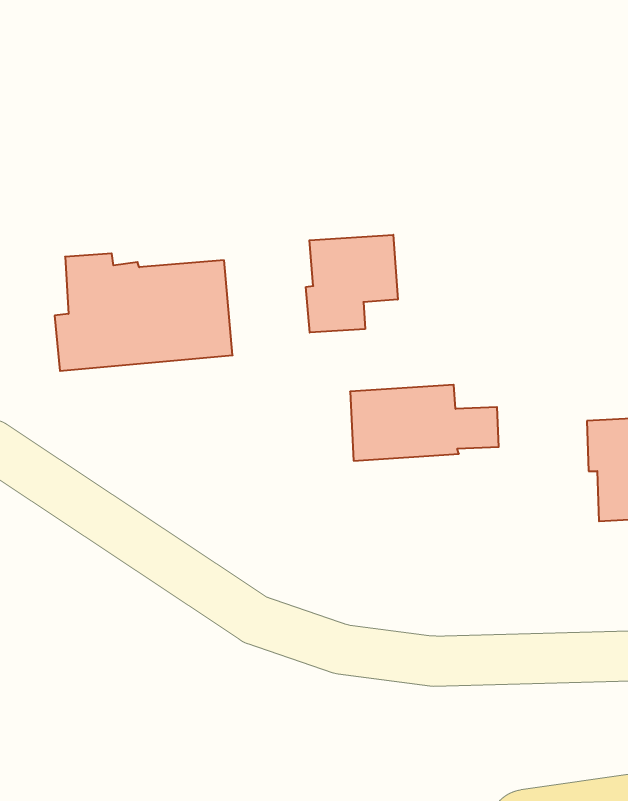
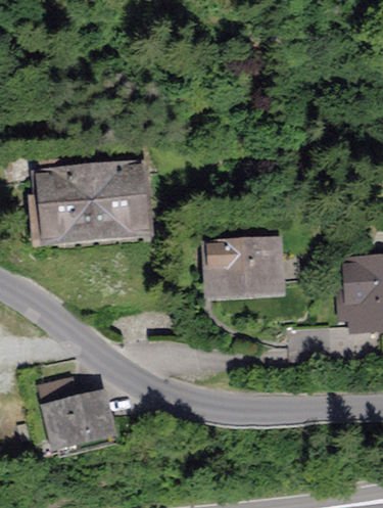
building: [306,235,398,333] -> none
building: none -> [38,377,109,447]

